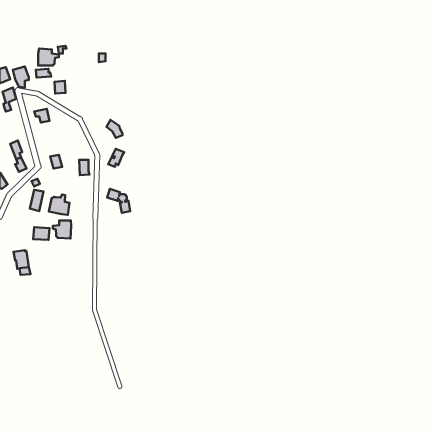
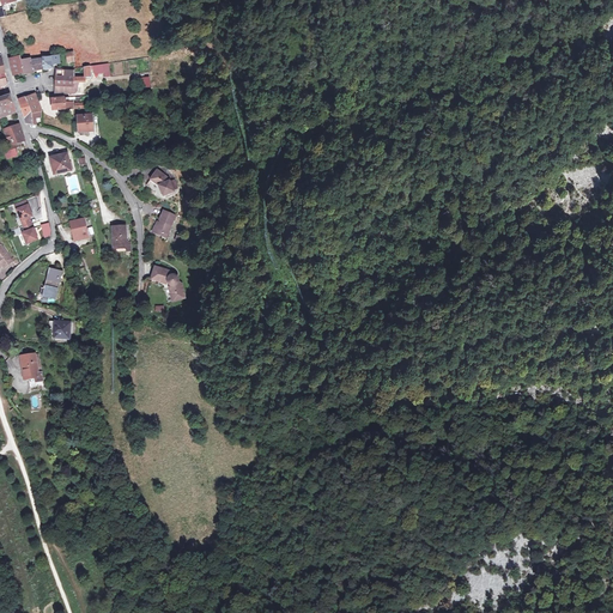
building: none -> [8,54,59,74]
building: [49,195,69,215] -> none
building: [53,220,71,239] -> none

